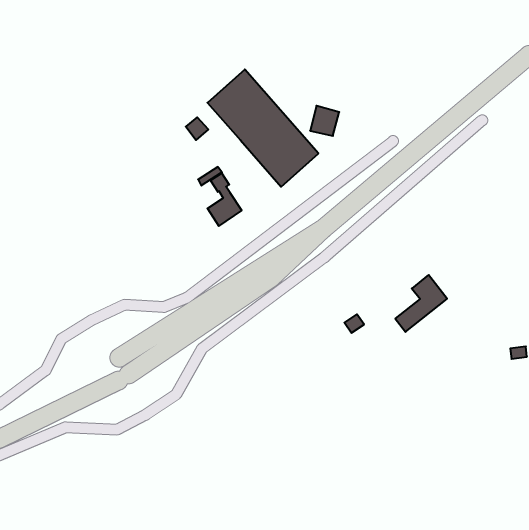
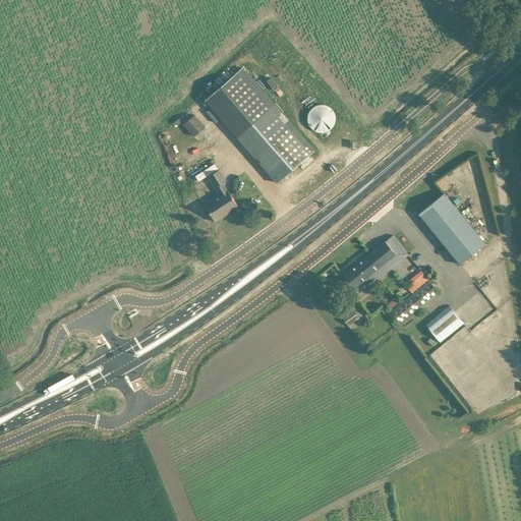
building: none -> [417,193,484,265]
building: none -> [342,235,407,289]
building: none -> [425,305,463,343]

